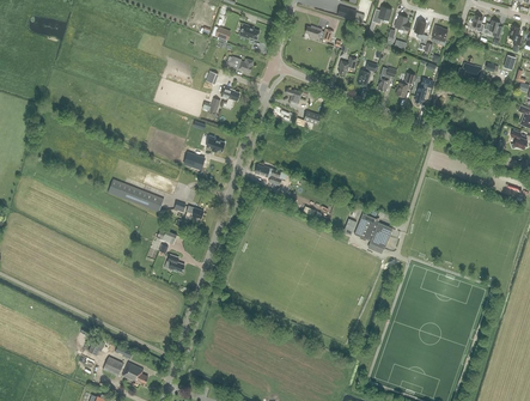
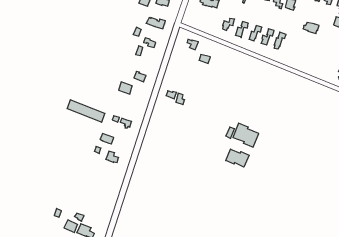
building: none -> [226,149,249,167]

